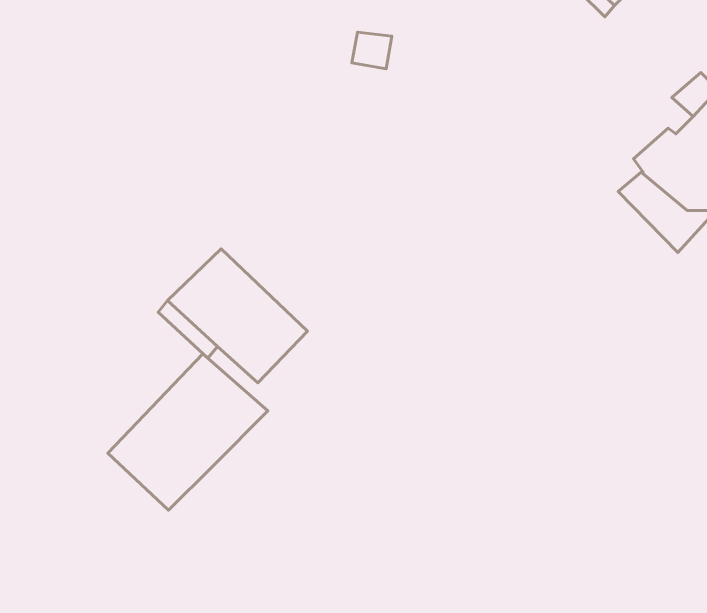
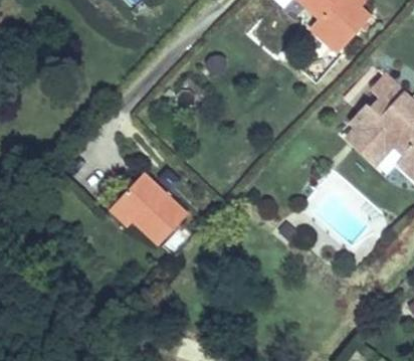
building: [108,354,268,510] -> none

